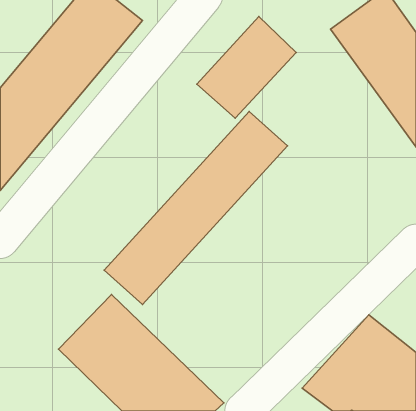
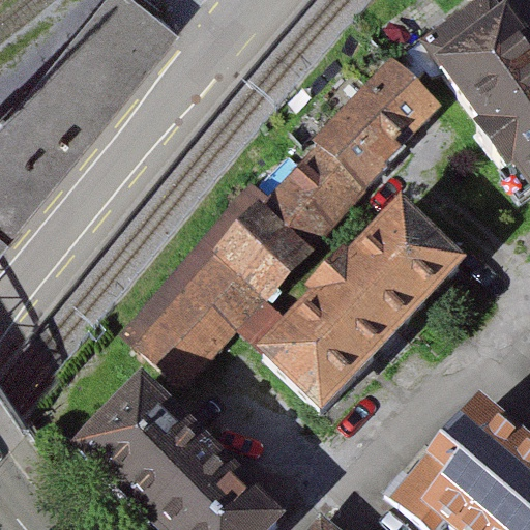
building: [197,17,296,118] -> [317,56,443,185]
building: none -> [259,199,474,418]

